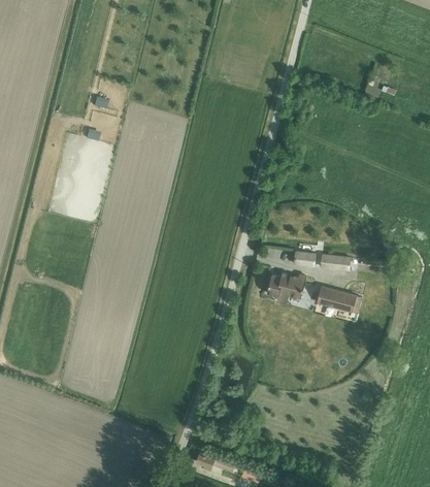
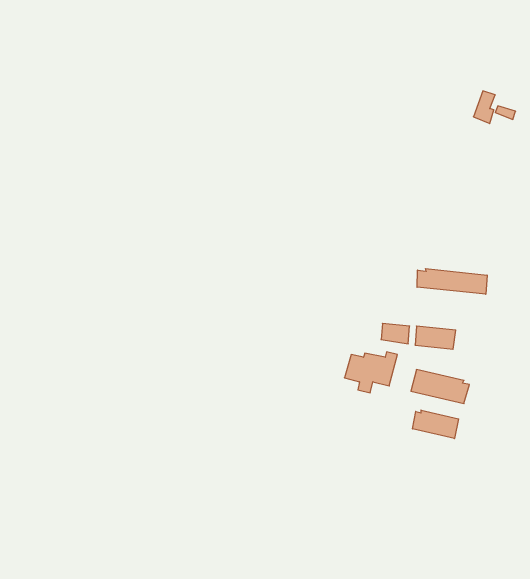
building: none -> [417,269,487,294]
building: none -> [413,410,459,439]

